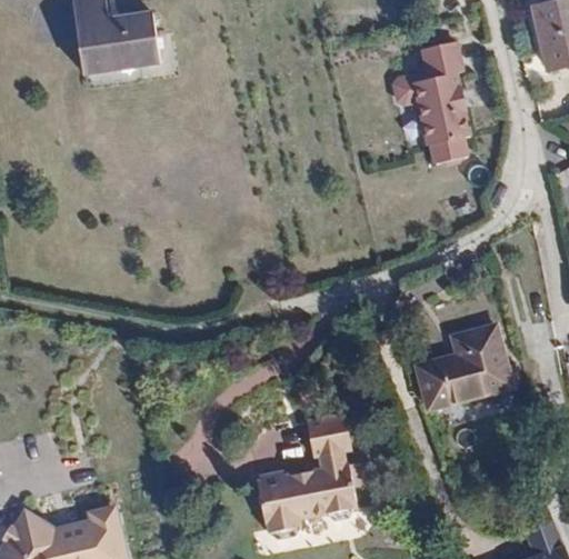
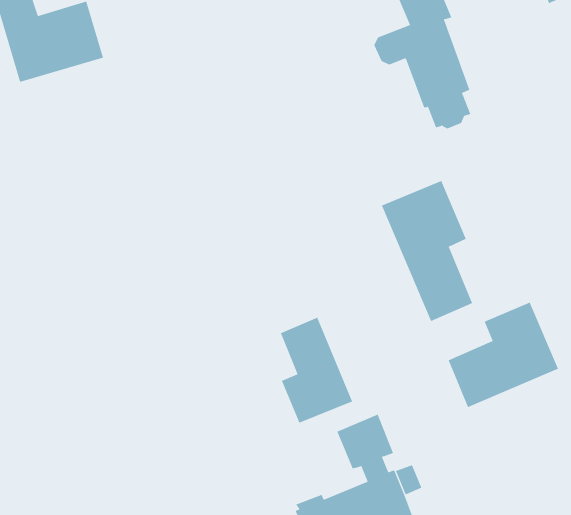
building: none -> [381,180,473,322]
building: none -> [280,317,353,424]

